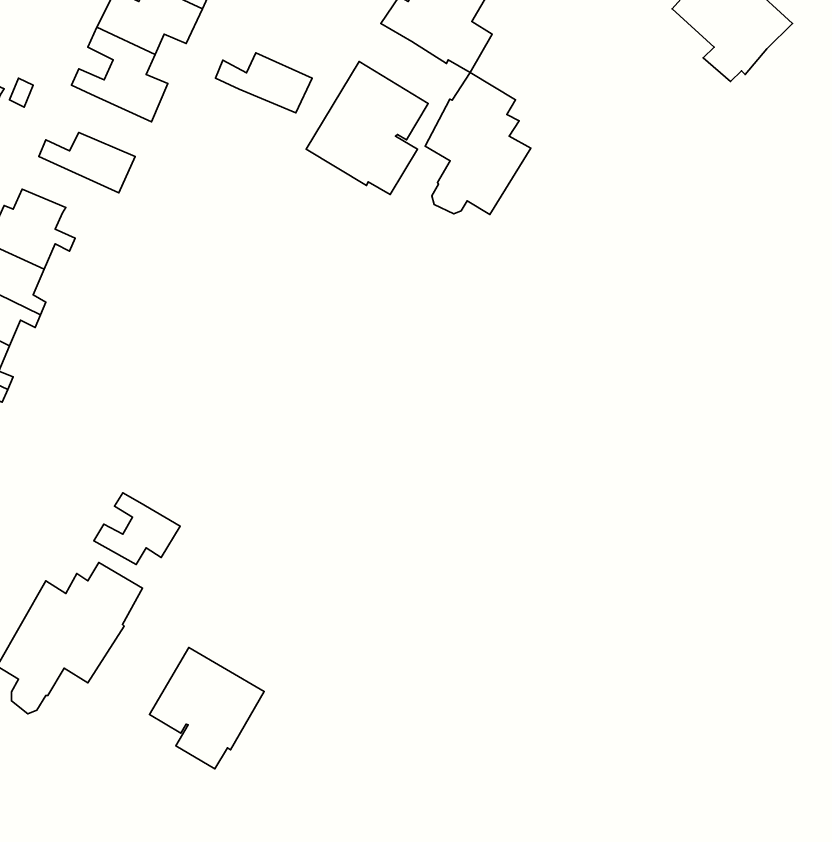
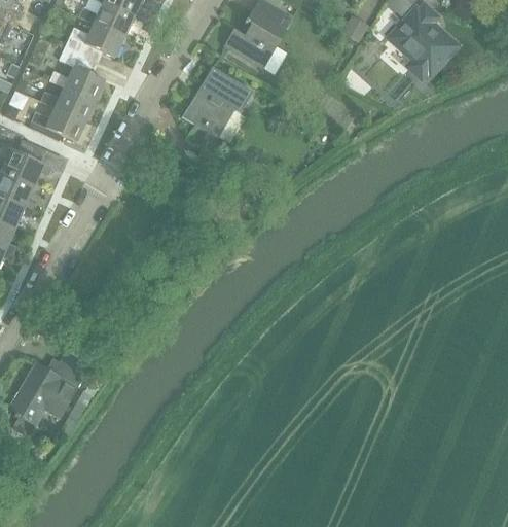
building: [216,53,312,113] -> [40,86,95,120]
building: [425,73,531,215] -> none
building: [94,493,180,565] -> none
building: [150,647,264,769] -> none

